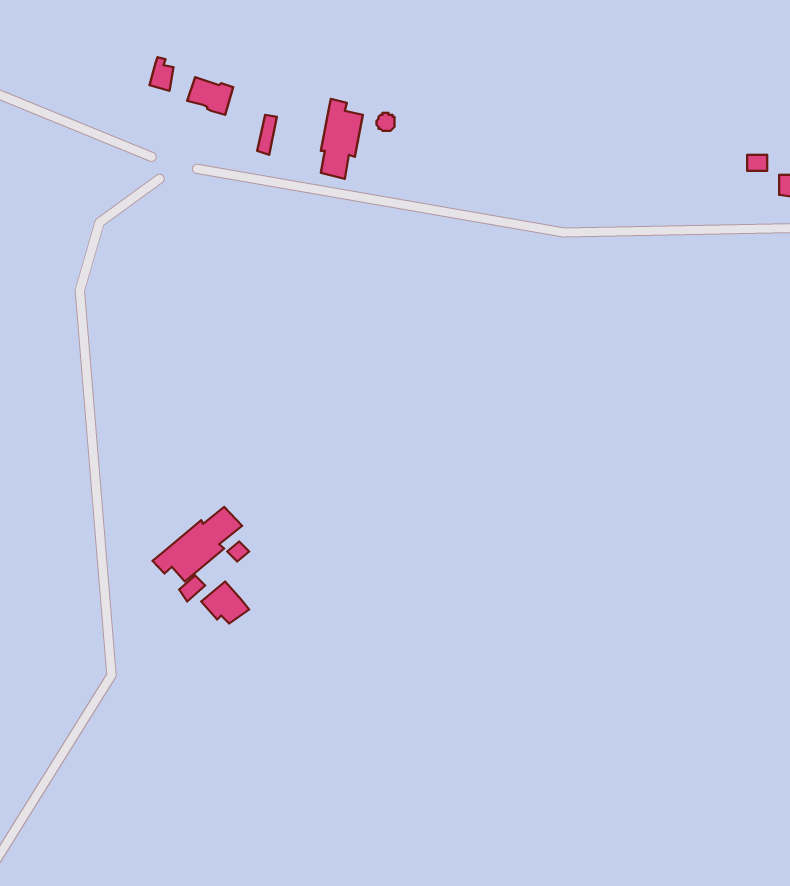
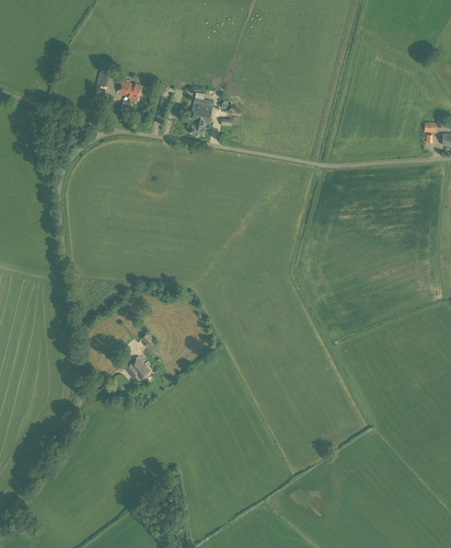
building: [152,507,242,581] -> none

